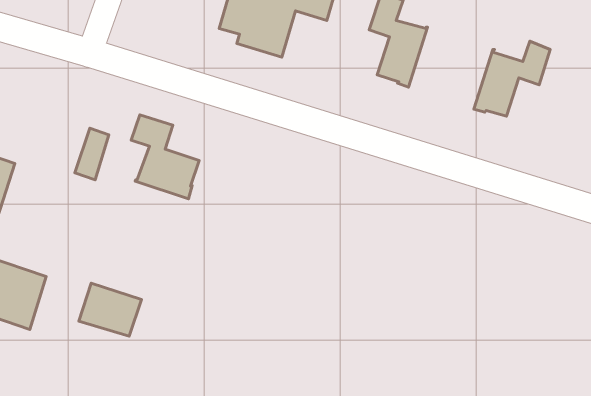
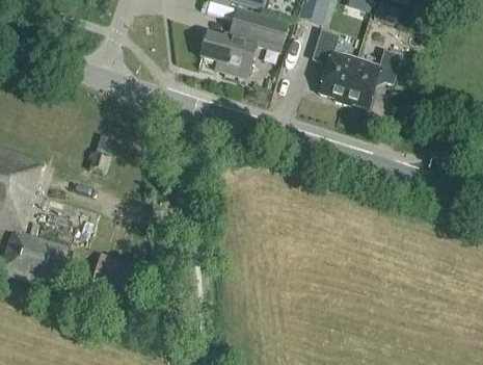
building: [474,41,550,116] -> [343,50,401,107]
building: [131,115,199,199] -> none

